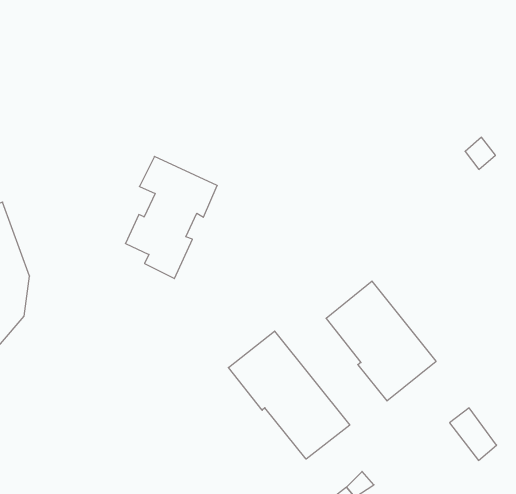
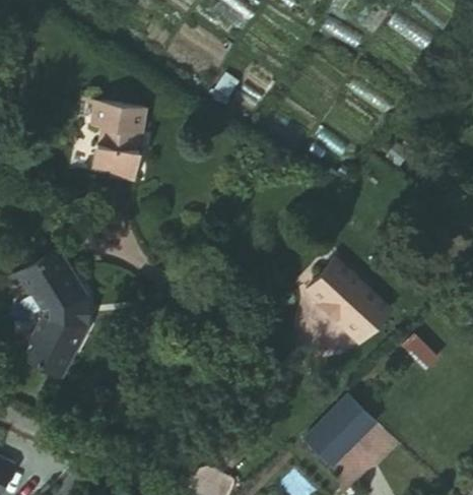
building: [125,156,217,279] -> [92,98,151,183]
building: [228,331,350,459] -> none

